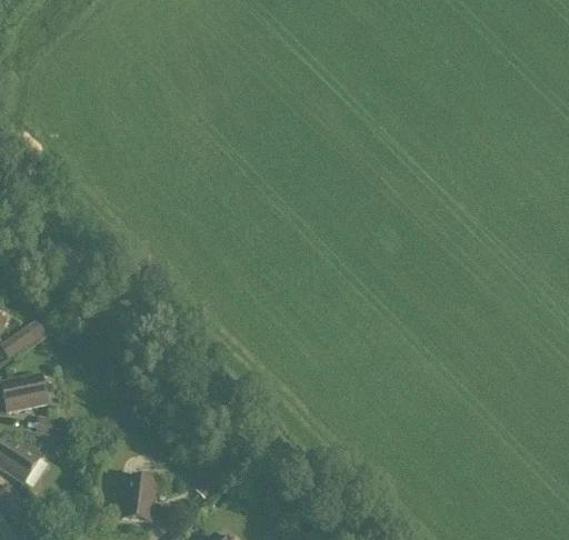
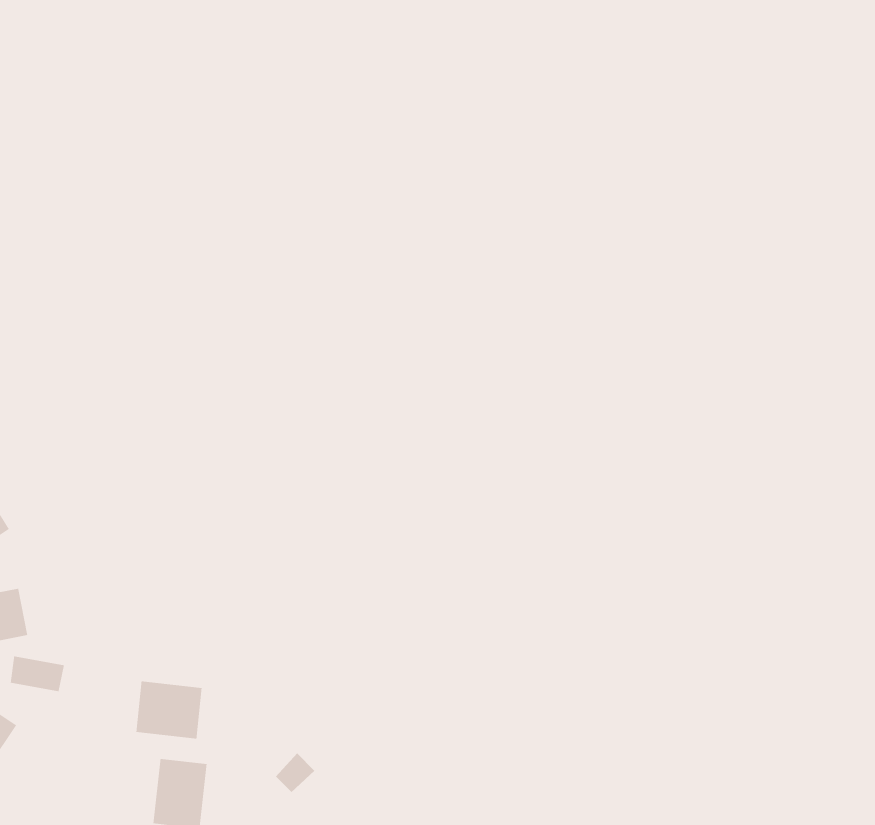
building: none -> [135,681,203,739]

